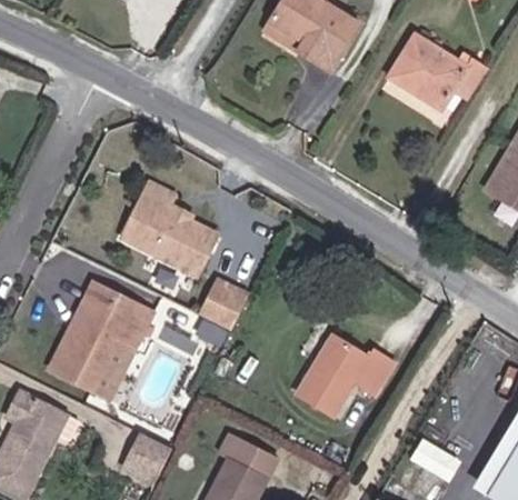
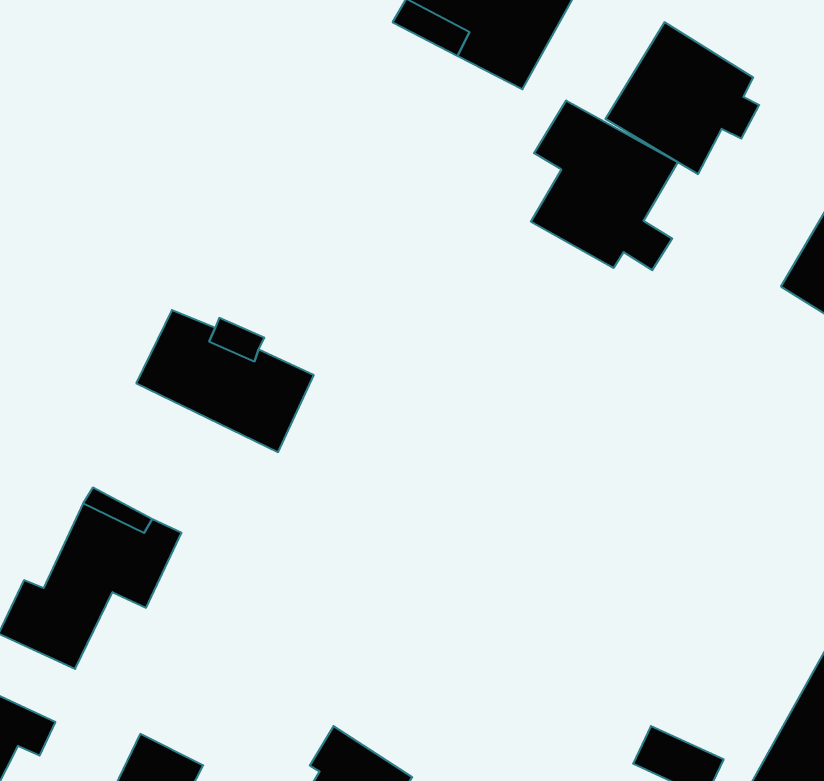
building: none -> [531,100,678,270]
building: [197,289,238,333] -> none
building: [292,331,396,407] -> none

